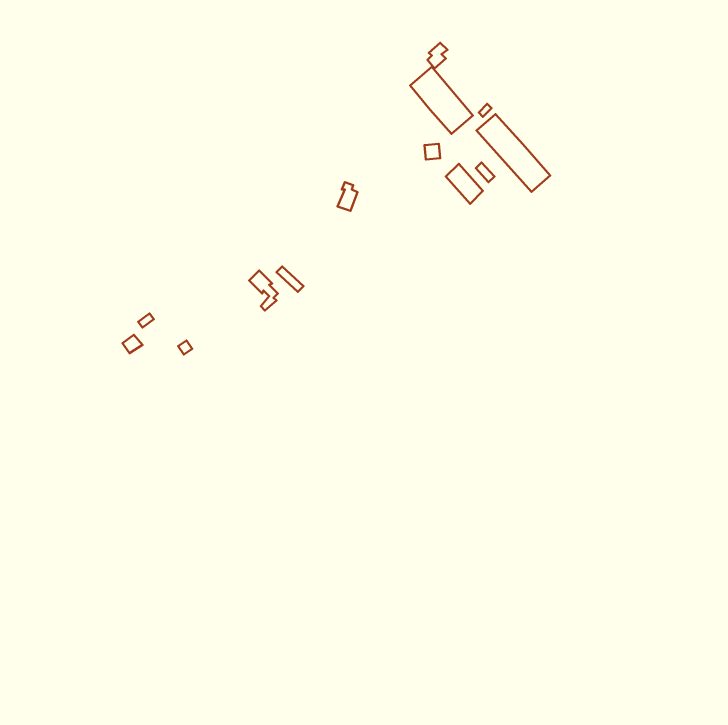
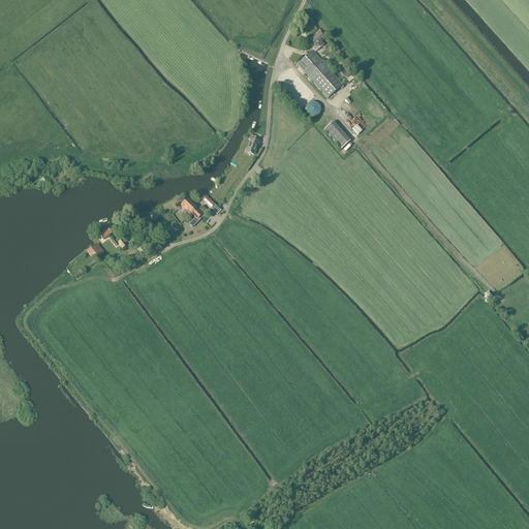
building: [477,114,550,192] -> none

